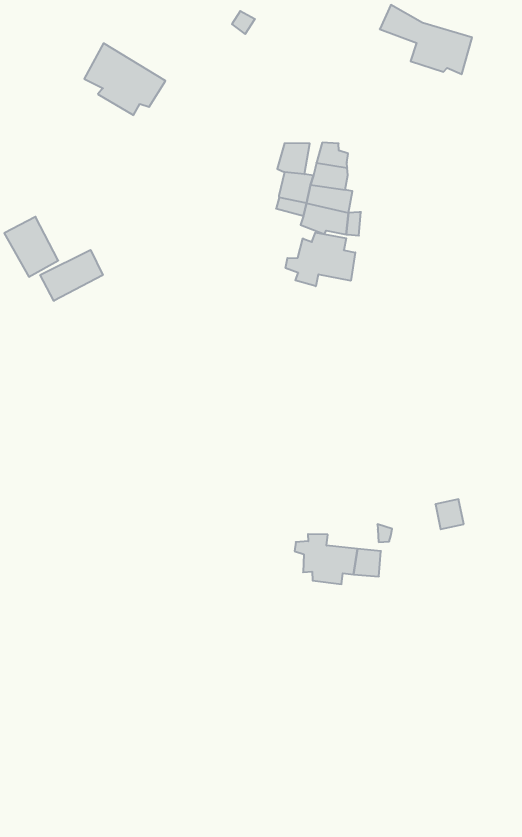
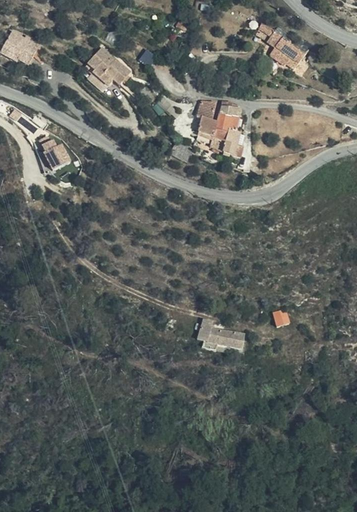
building: [286,233,355,286] -> none
building: [40,250,103,301] -> none

